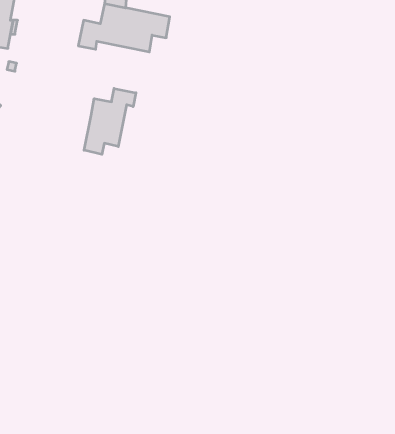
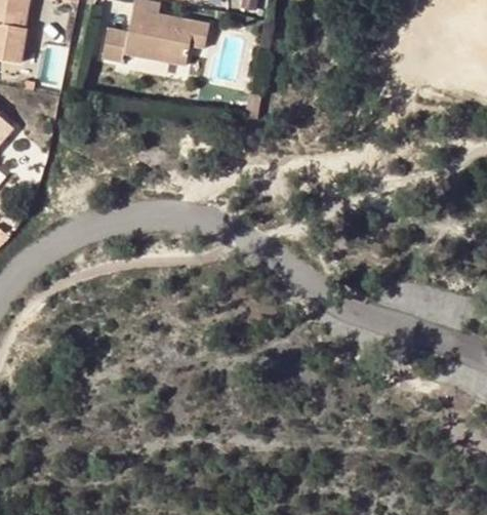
building: [84,88,136,154] -> none

